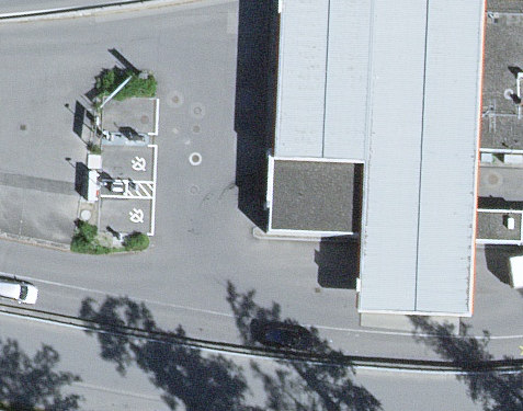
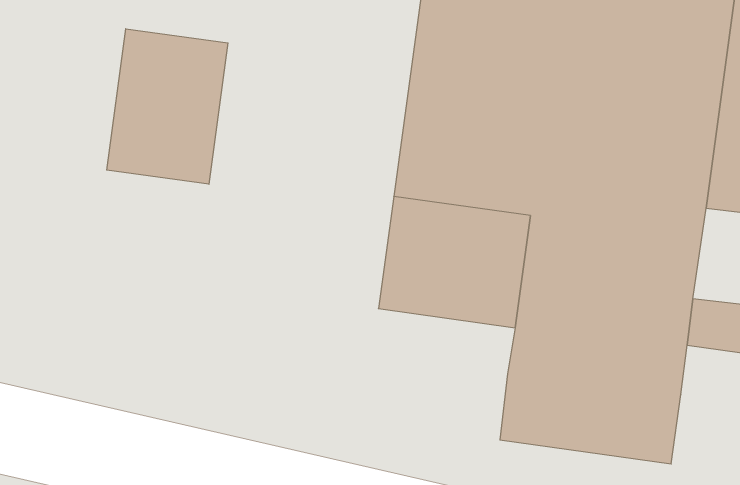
building: none -> [107,29,228,184]

